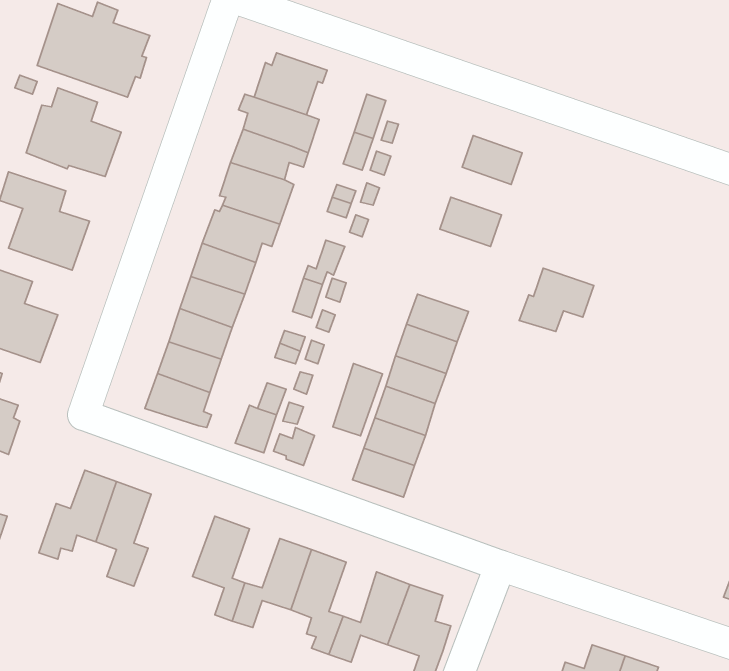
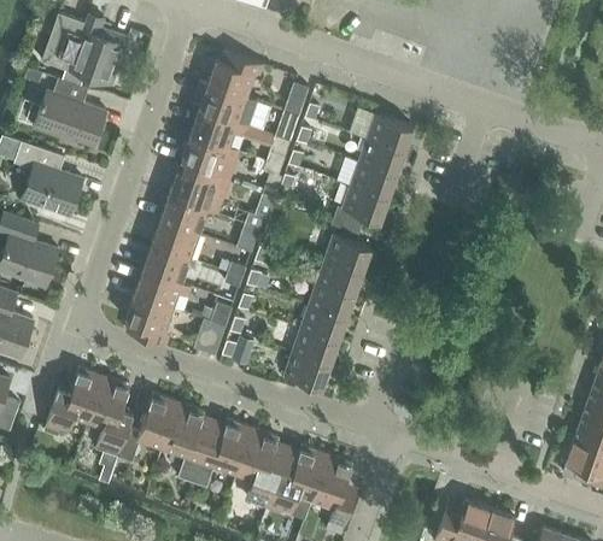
building: none -> [358,137,404,174]
building: [519,268,594,331] -> [332,184,388,233]
building: [333,364,382,436] -> none
building: none -> [117,394,178,461]

